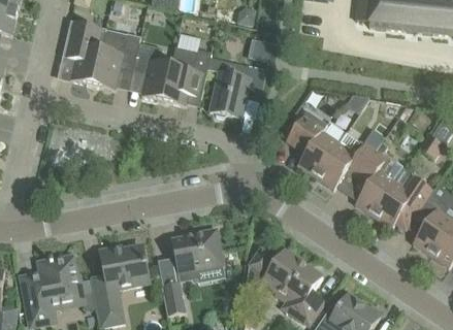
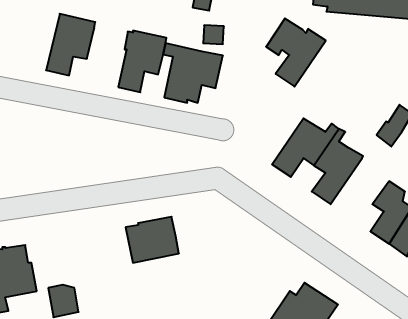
building: [62,20,105,84] -> none
building: [132,42,171,100] -> none
building: [287,109,346,176] -> [266,18,326,87]
building: [373,170,432,228] -> none
building: [99,244,149,290] -> none
building: [246,245,323,323] -> none
building: [161,280,186,315] -> none

